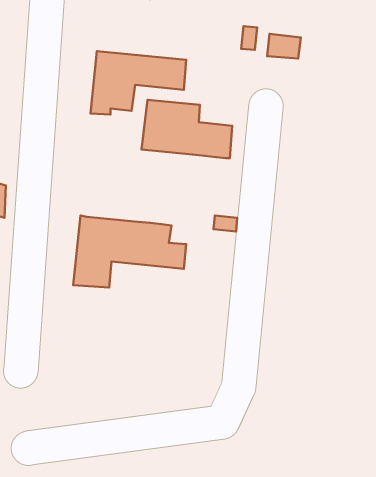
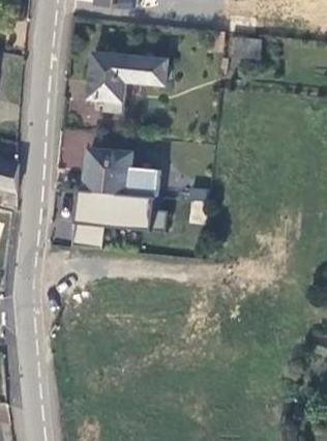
building: [141,100,232,158] -> [84,148,159,197]

